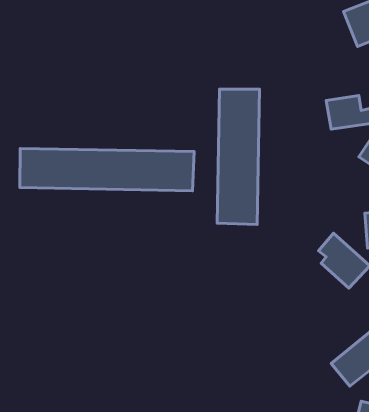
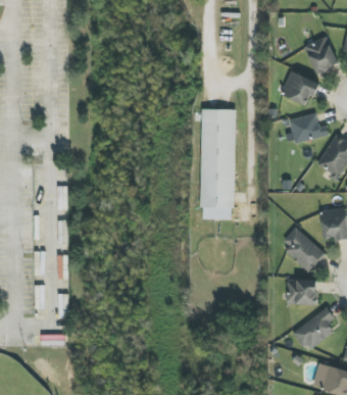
building: none -> [279,70,318,105]
building: [20,148,194,191] -> none
building: none -> [285,279,315,305]

